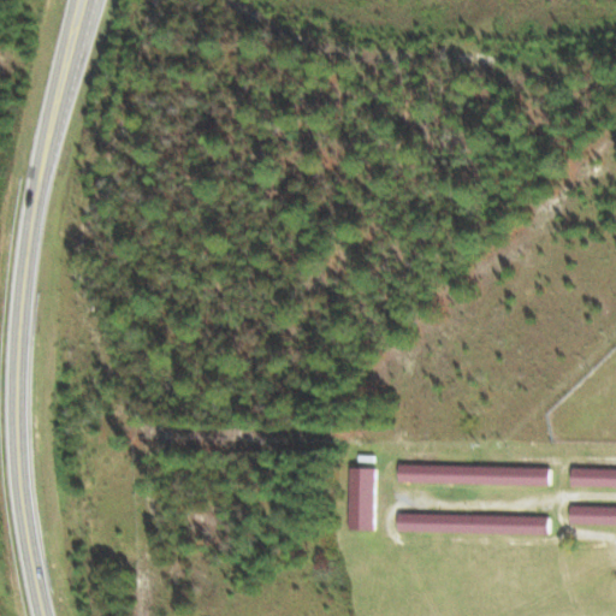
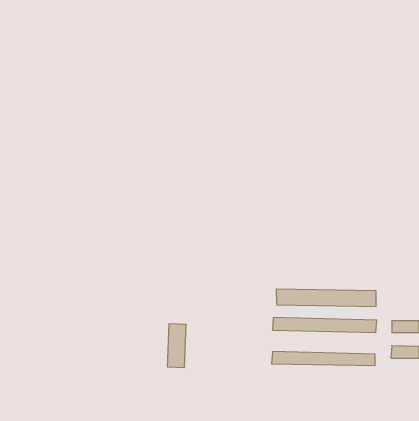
building: none -> [277,289,376,307]
building: [348,467,375,531] -> [167,324,186,368]

